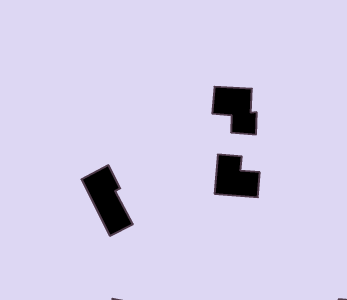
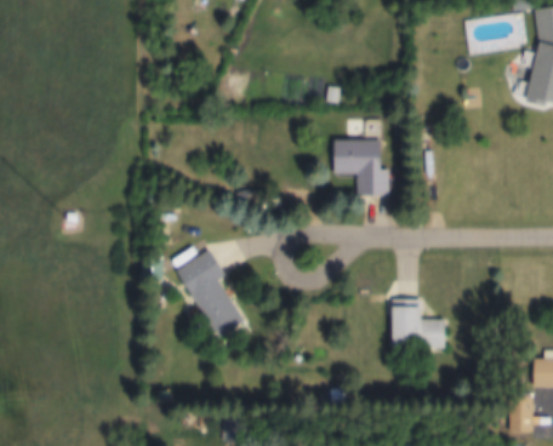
building: [215,155,260,197] -> [390,299,445,349]

